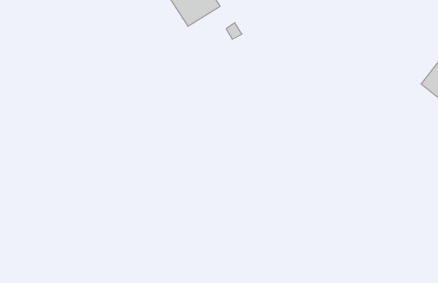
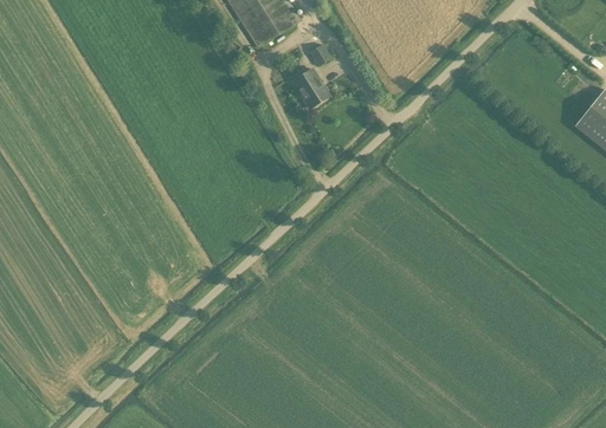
building: none -> [291,69,328,108]

